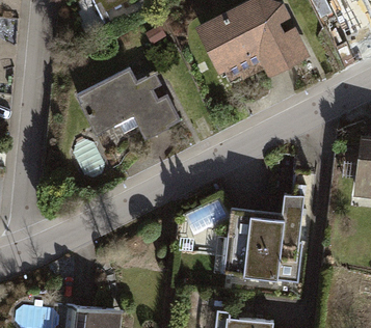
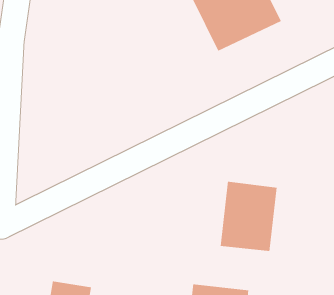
building: [88,66,189,135] -> none

